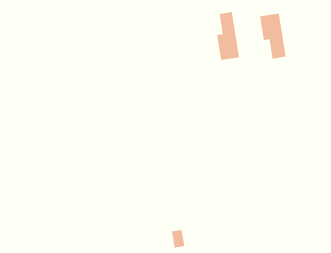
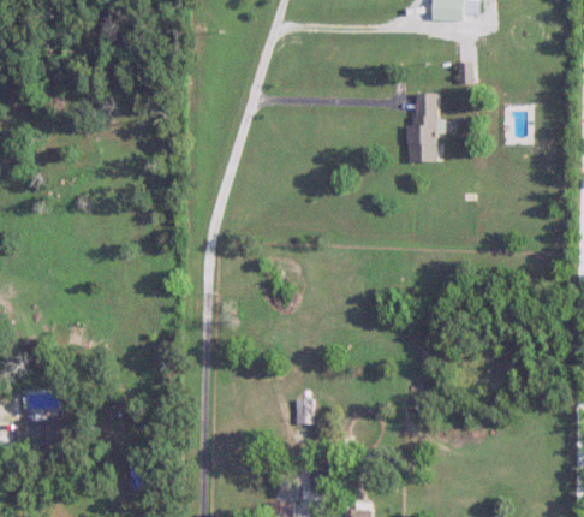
building: [259,13,286,59] -> none

